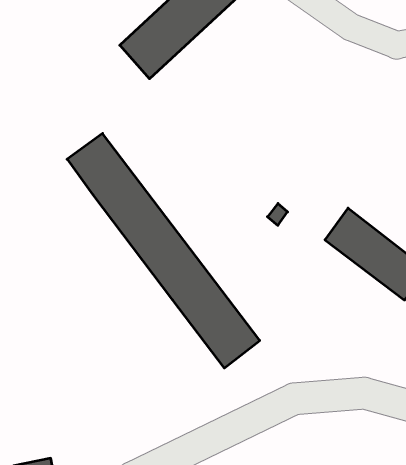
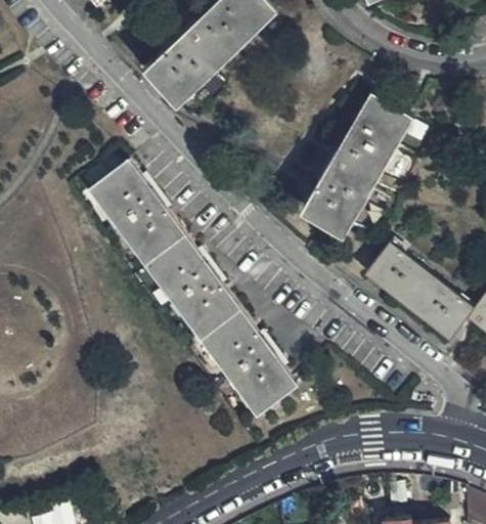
building: none -> [304,93,413,235]

